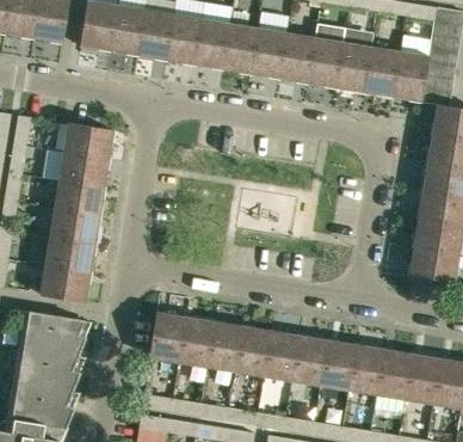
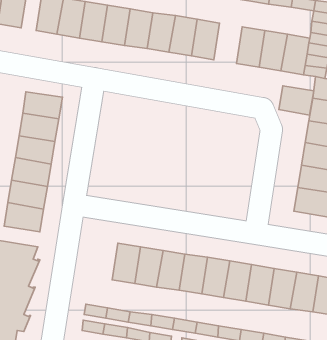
building: [307,36,342,87] -> none
building: none -> [279,86,314,115]
building: [149,311,185,362] -> none

